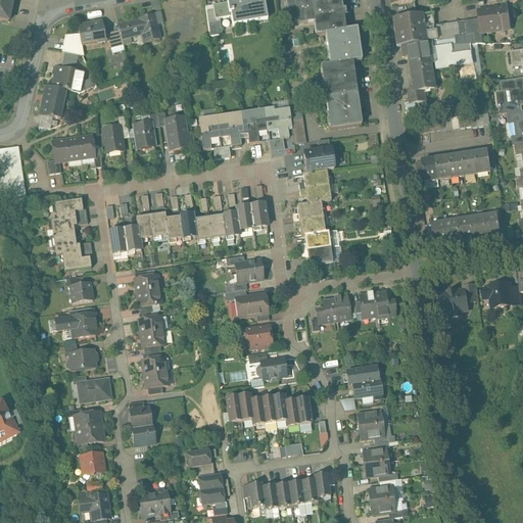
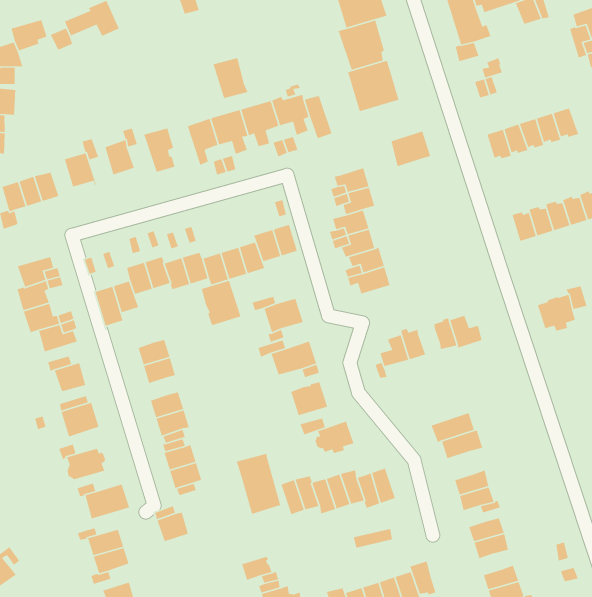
building: none -> [213,57,249,99]
building: [305,147,334,172] -> [390,130,431,167]
building: none -> [201,280,242,326]
building: none -> [236,453,281,515]
building: [133,423,156,444] -> none

